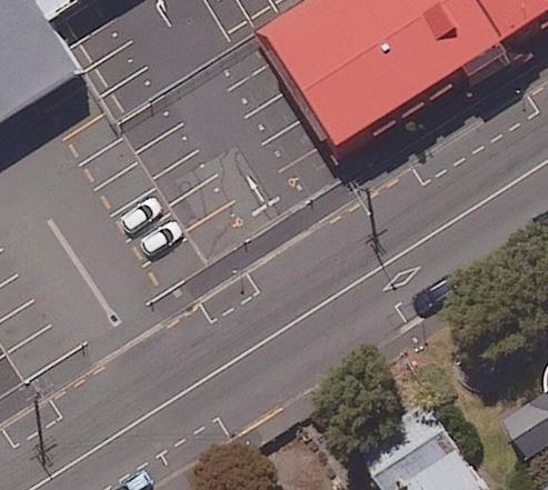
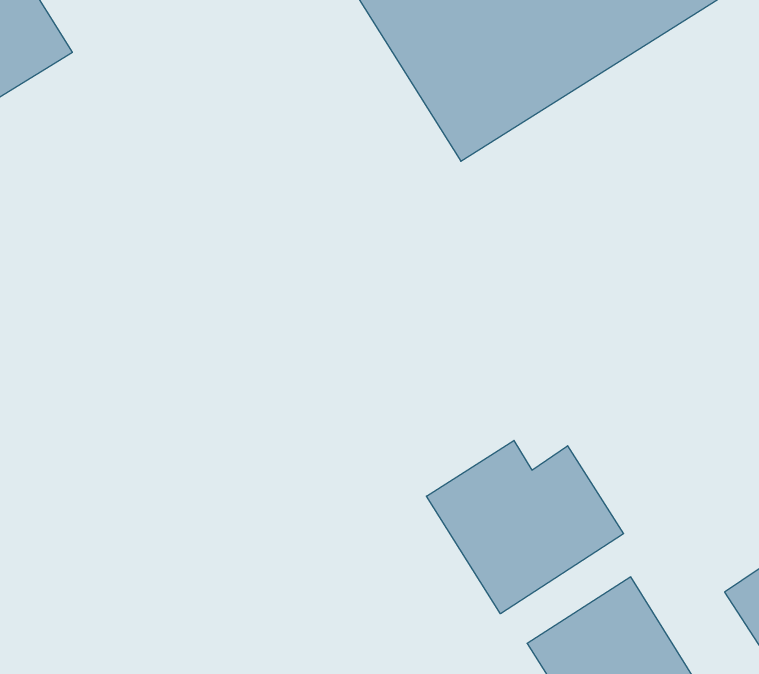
building: none -> [426,440,624,614]

